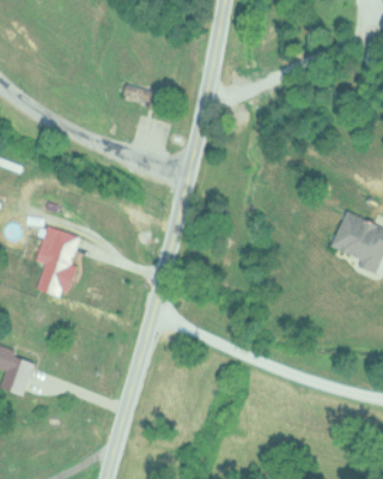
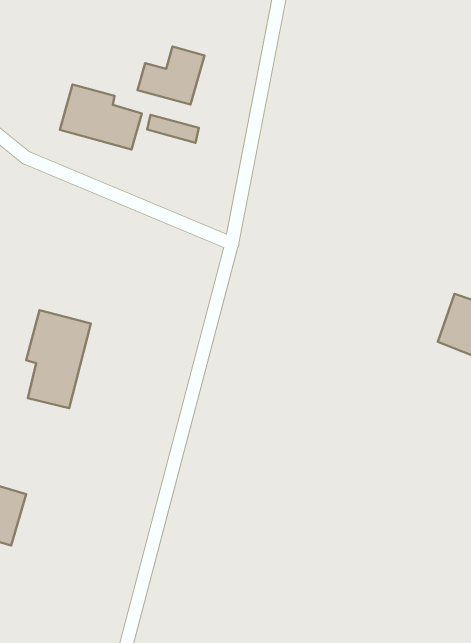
building: none -> [137,47,204,105]
building: none -> [60,85,142,150]

